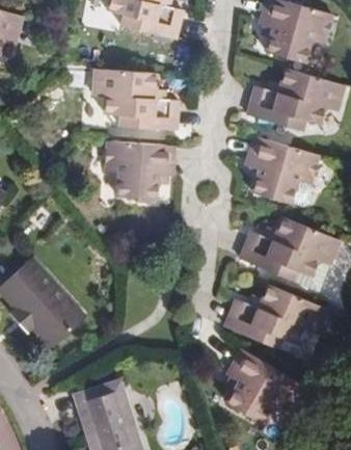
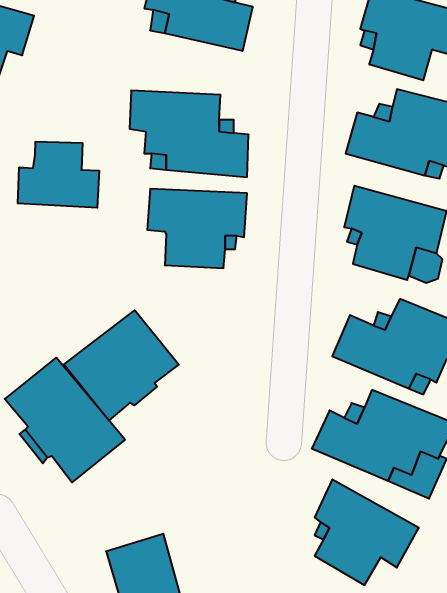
building: none -> [18,142,99,208]
building: none -> [64,310,179,421]

